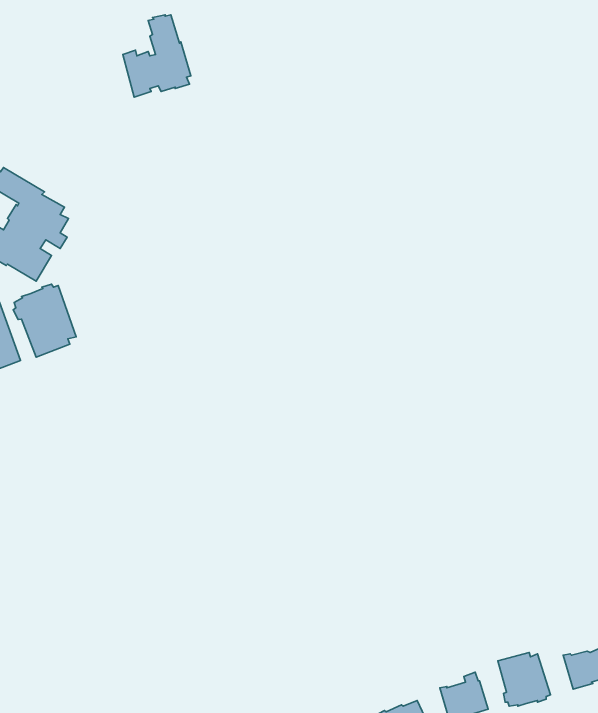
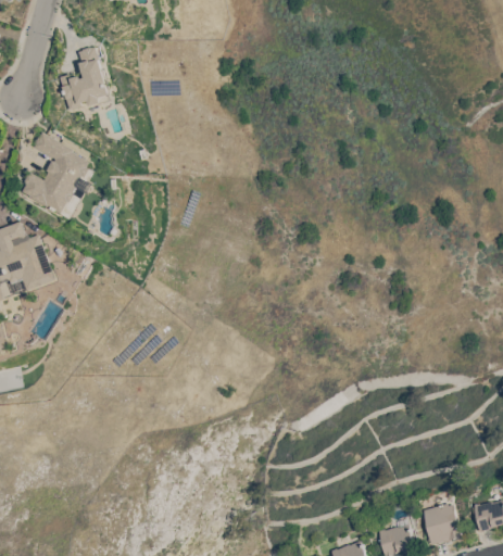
building: [123,15,191,97] -> [58,48,110,111]
building: [13,284,76,357] -> none

